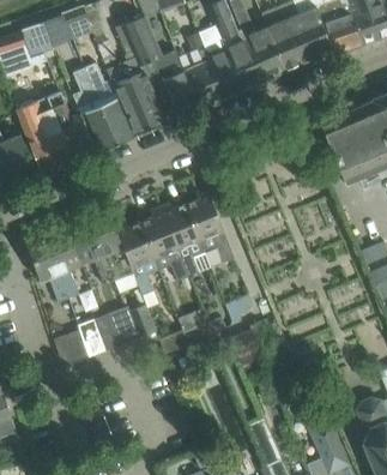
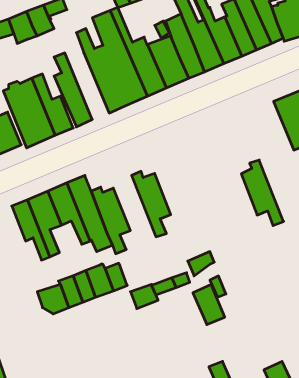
building: [85,65,135,144] -> none
building: [187,190,235,264] -> [241,160,284,226]
building: [140,208,188,282] -> none

